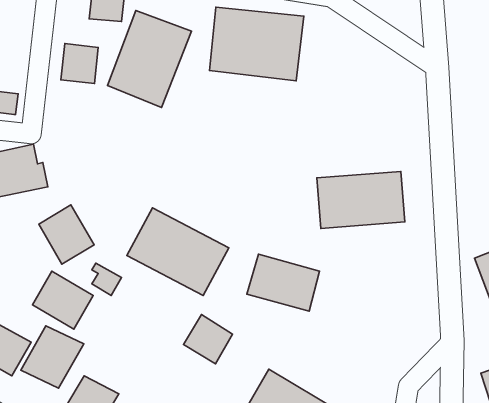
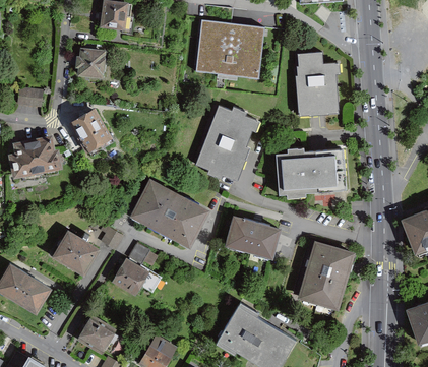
building: [107,10,191,107] -> [194,105,260,181]
building: none -> [296,54,340,117]
building: [39,205,94,264] -> [68,112,112,159]
building: none -> [297,239,356,308]
building: [183,315,232,364] -> [115,254,154,293]
building: [21,326,84,388] -> none

